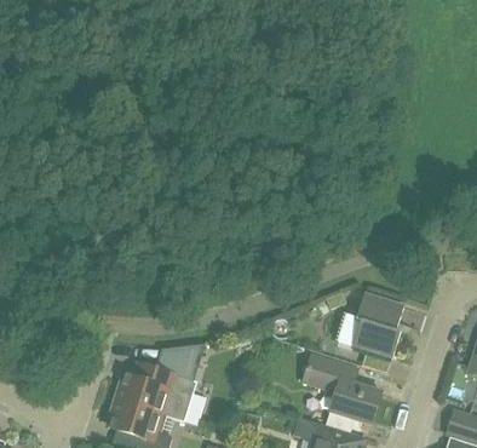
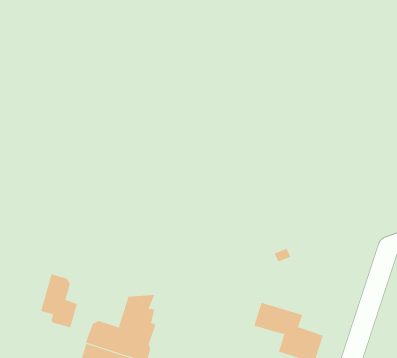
building: [344,293,403,358] -> none
building: none -> [40,274,78,328]

